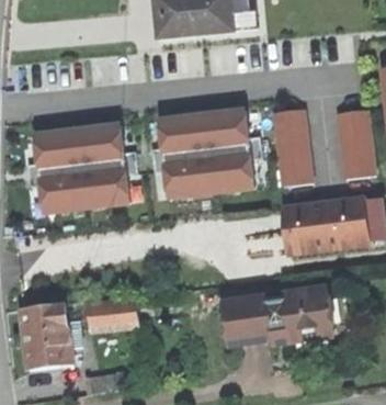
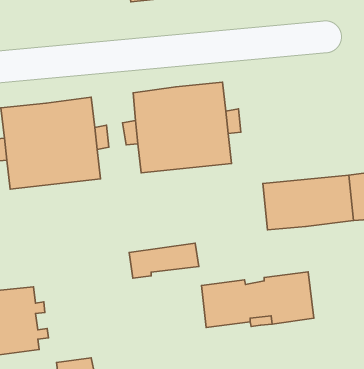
building: [272,110,311,185] -> none
building: [337,111,373,178] -> none
building: [88,295,154,328] -> [129,243,199,278]

